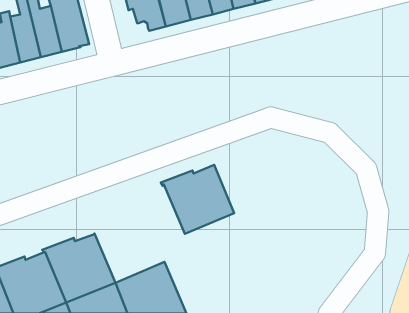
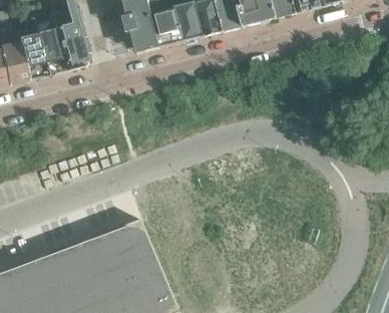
building: [161,165,234,234] -> [91,219,158,282]

